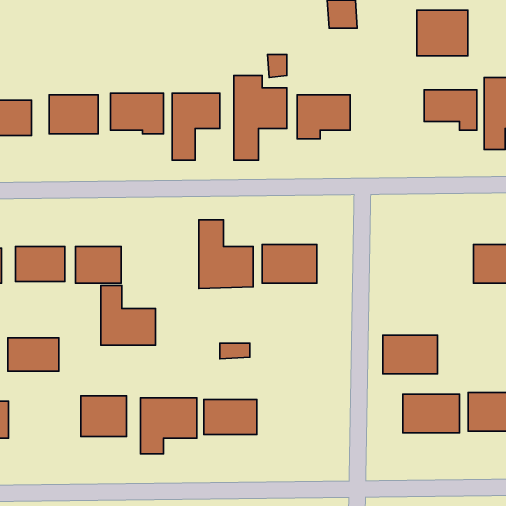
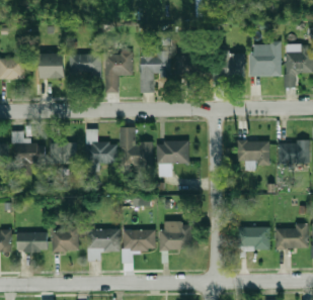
building: [417,10,468,56] -> [215,52,244,78]
building: [101,286,155,345] -> [85,129,116,164]
building: [383,335,437,374] -> [237,139,268,162]
building: [8,338,59,371] -> [17,232,47,252]
building: none -> [160,221,188,249]

